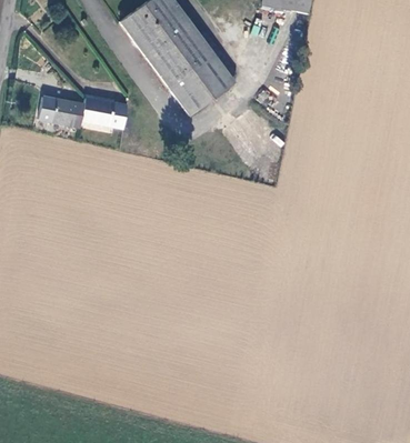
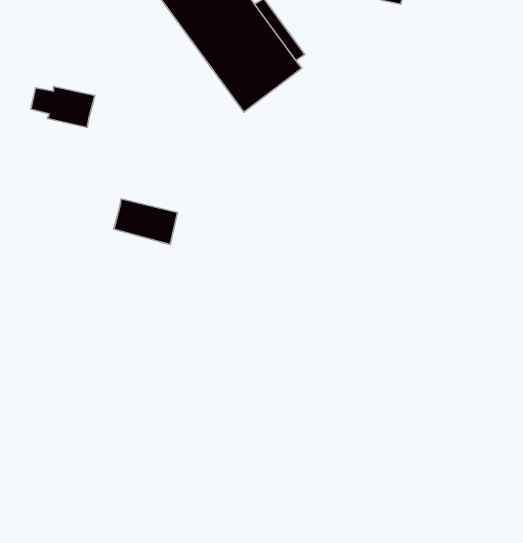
building: [78,99,124,132] -> [114,199,178,244]

